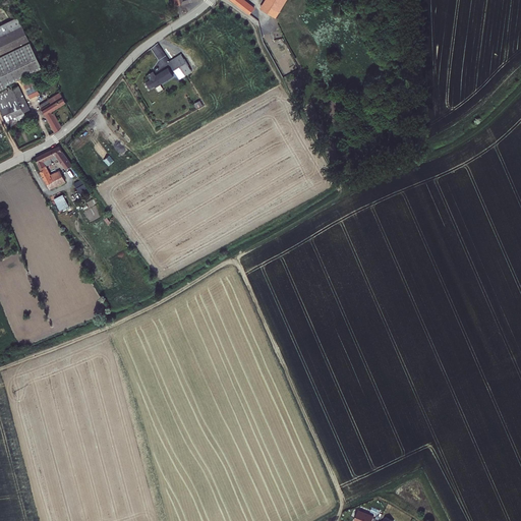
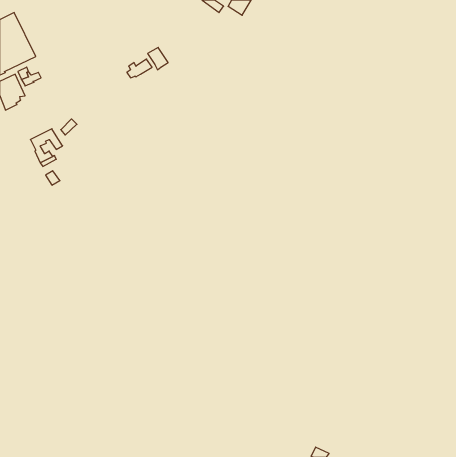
building: [38,92,64,132] -> none

